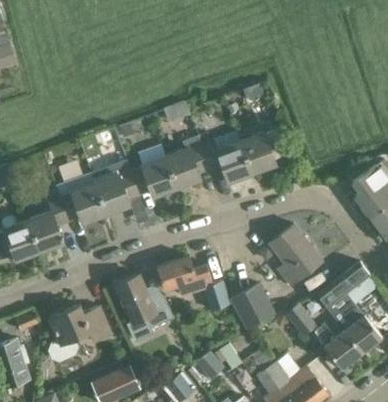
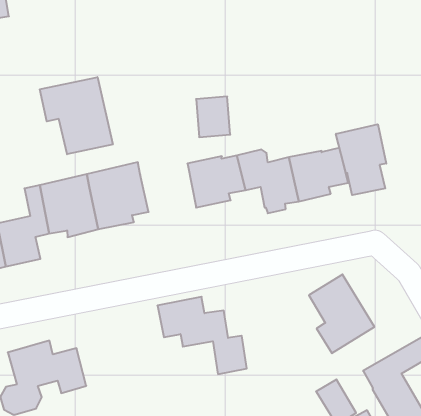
building: none -> [40,77,113,154]
building: none -> [336,124,386,195]
building: [130,156,175,196] -> none
building: [115,275,173,329] -> none
building: [229,283,275,329] -> none

